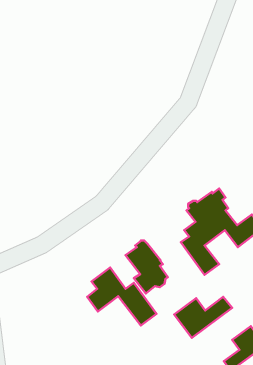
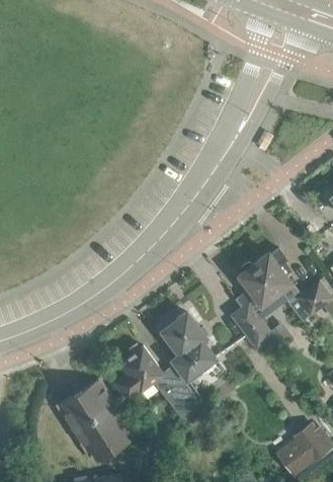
building: none -> [57,379,134,462]
building: [174,297,232,338] -> none

